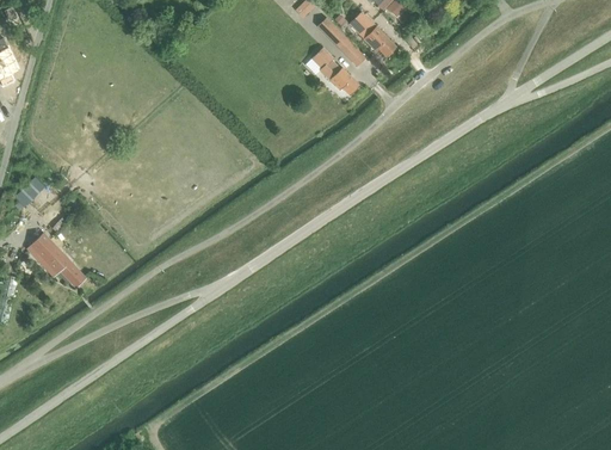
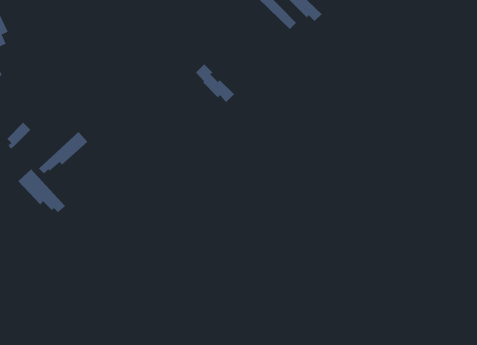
building: [311,47,359,94] -> [195,64,235,103]
building: none -> [38,131,88,174]

